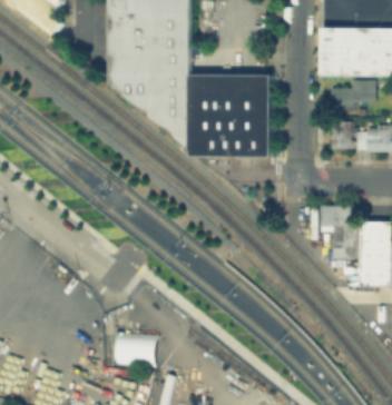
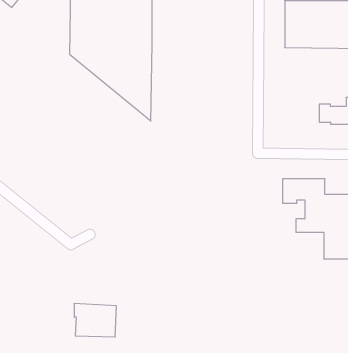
building: [188,71,270,155] -> none
building: [332,80,376,111] -> none
building: [331,116,355,148] -> none

